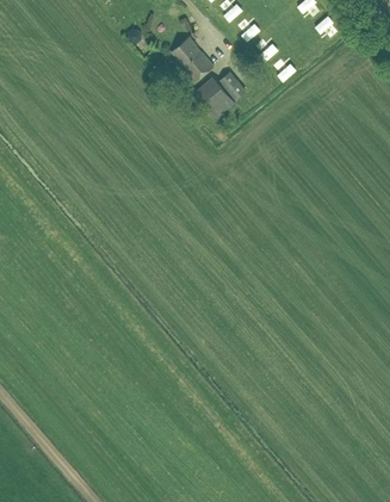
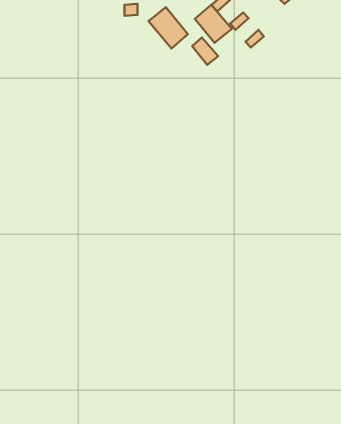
building: [194,76,235,118] -> [195,5,232,43]

